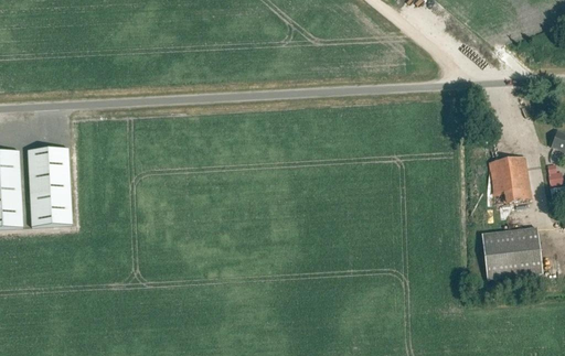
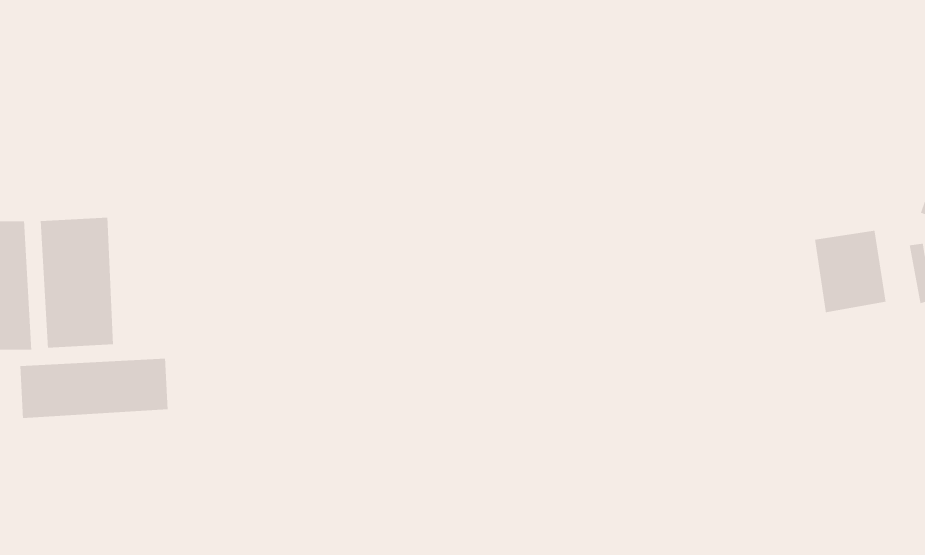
building: [484,227,544,279] -> none
building: none -> [19,358,169,419]

